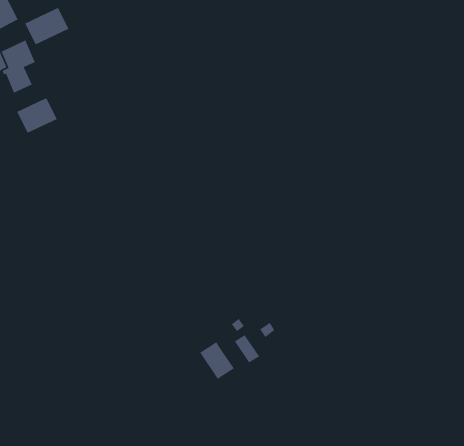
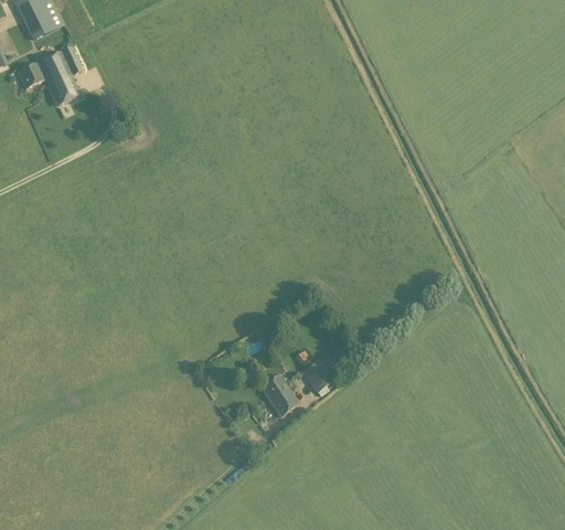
building: [24,7,70,45] -> none
building: [16,97,58,134] -> none

